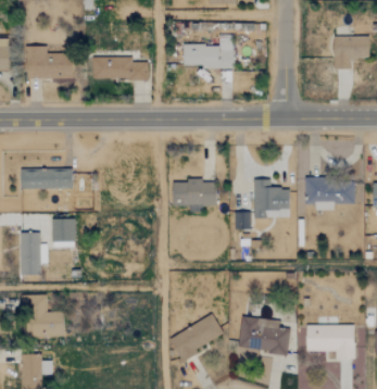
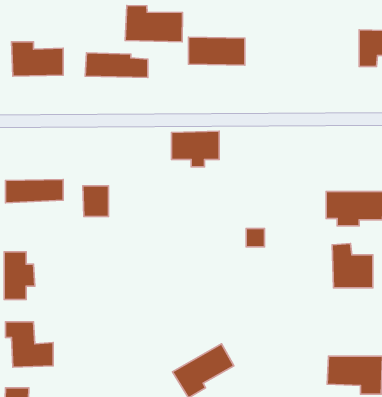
building: none -> [125,5,182,42]
building: [253,178,289,217] -> [332,244,373,288]
building: [173,179,215,211] -> [171,131,219,167]
building: [51,218,74,246] -> [83,186,109,216]
building: [237,315,290,354] -> none

